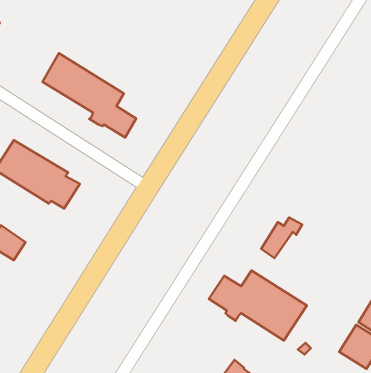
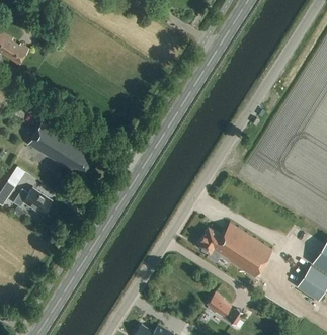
building: [43,53,136,137] -> none
building: [261,218,302,258] -> none

